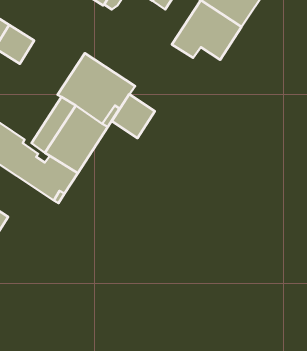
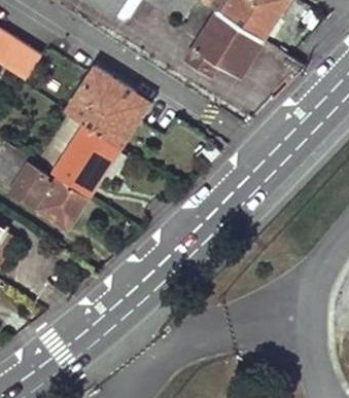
building: [112,94,155,138] -> none

